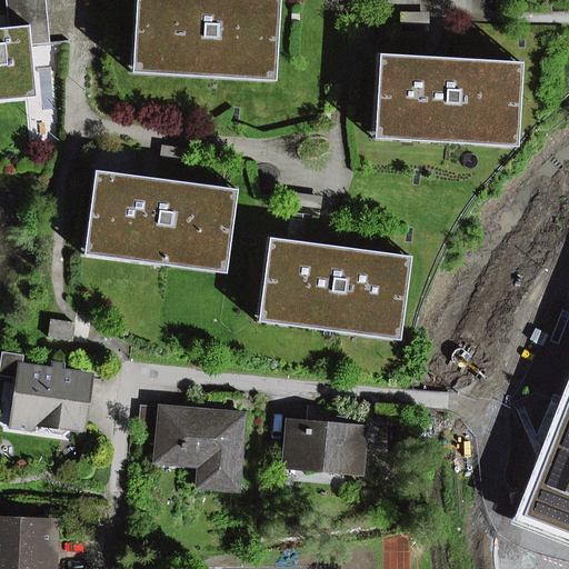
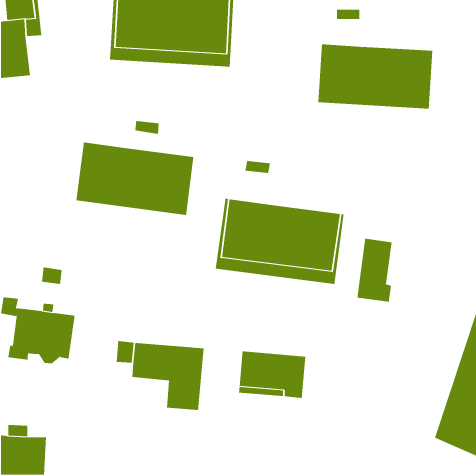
building: [372,52,521,146] -> none
building: [83,169,238,272] -> none
building: none -> [357,238,392,303]

